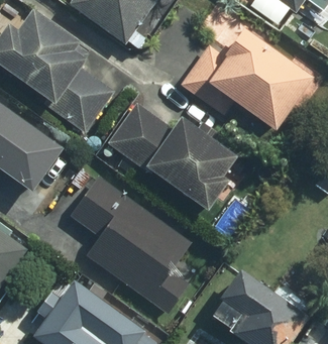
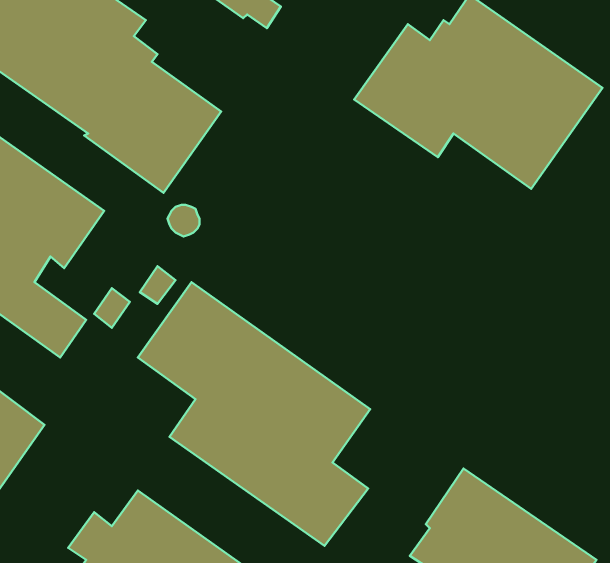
building: [109,102,233,210] -> none

